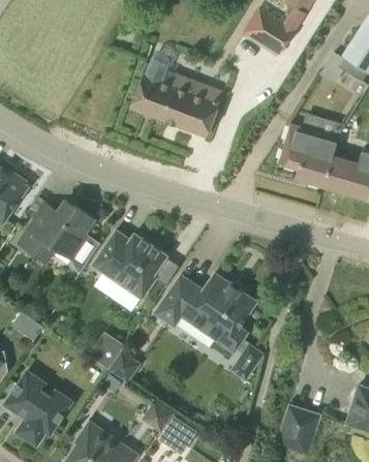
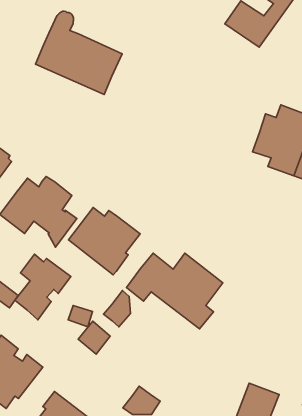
building: [131,51,221,135] -> [35,11,122,94]
building: none -> [15,254,71,320]
building: none -> [103,291,131,327]
building: [228,343,264,382] -> none
building: [141,400,174,432] -> none

